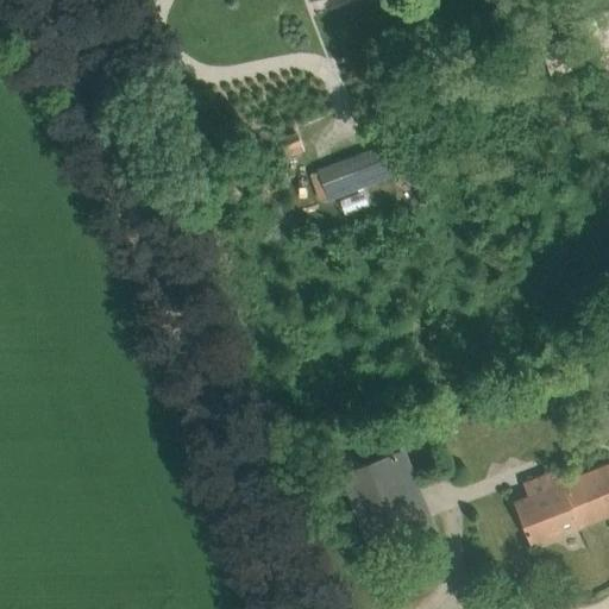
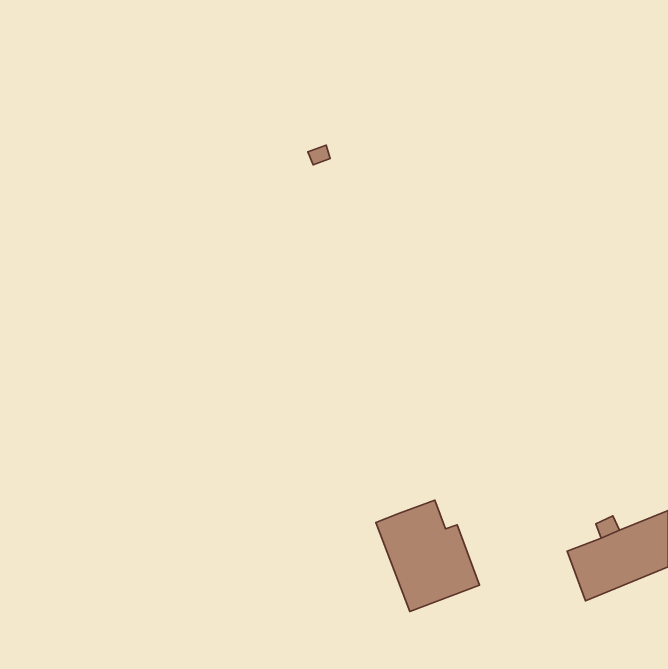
building: [319,147,390,197] -> none

